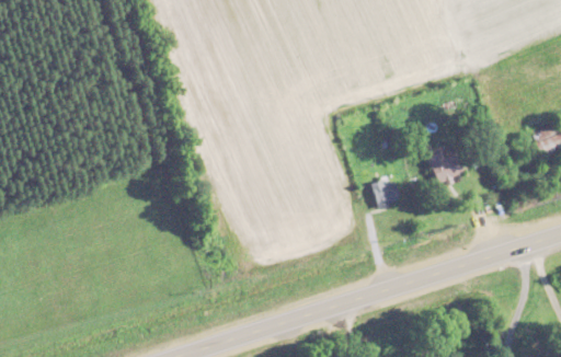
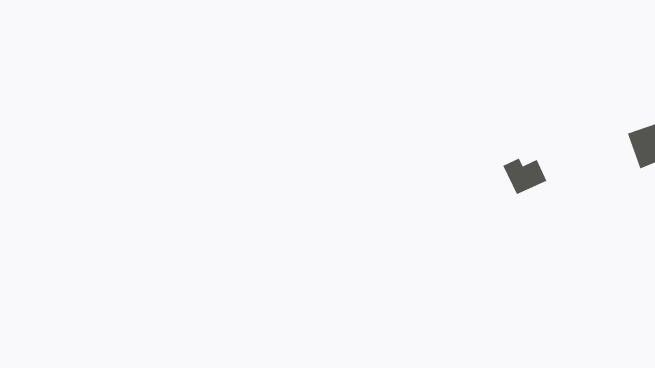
building: [371,177,401,207] -> none

